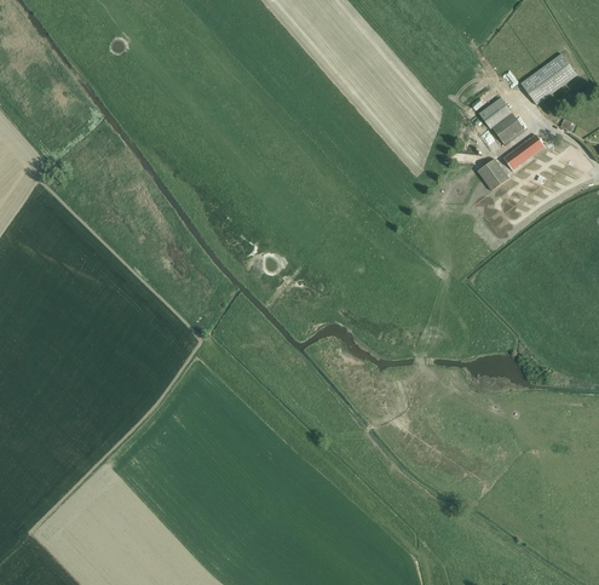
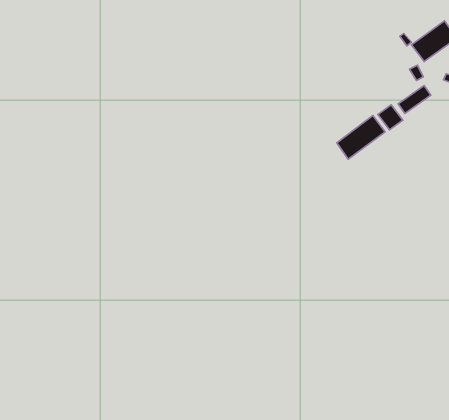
building: [479,98,523,143] -> none
building: none -> [337,115,385,159]

